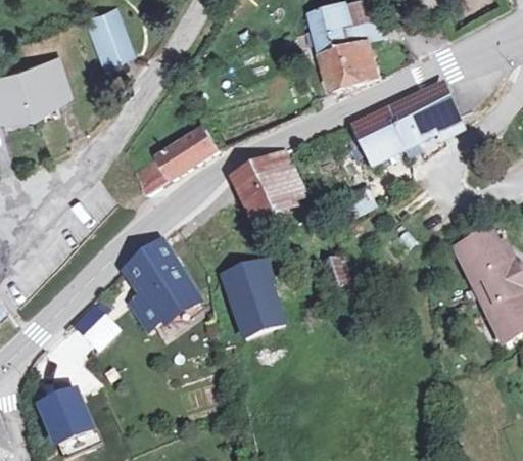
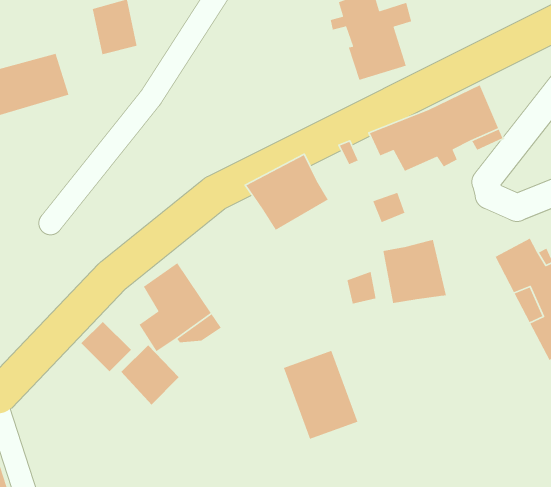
building: [140,126,219,189] -> none
building: none -> [383,239,447,304]
building: [218,257,287,339] -> [283,350,359,440]
building: none -> [121,344,180,406]
building: [35,382,93,444] -> none

